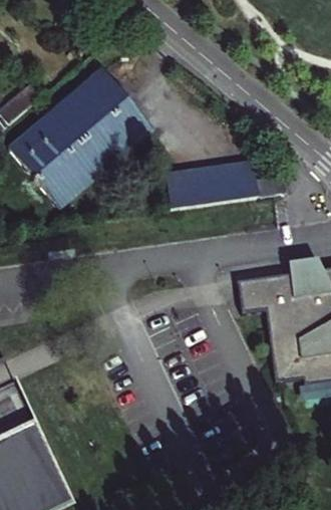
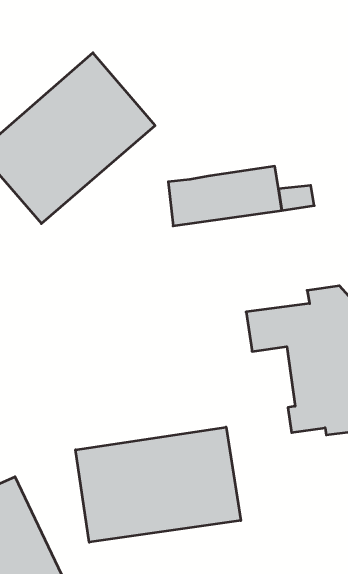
building: none -> [76,427,241,542]

